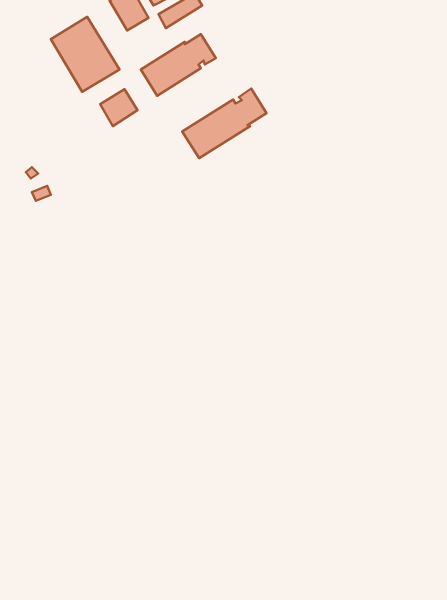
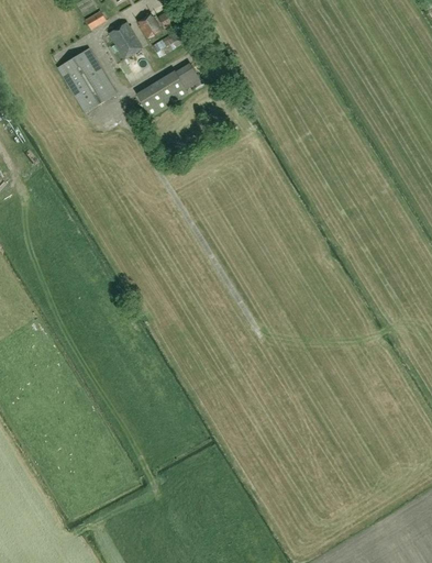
building: [182,89,266,158] -> none
building: [100,89,137,126] -> none

